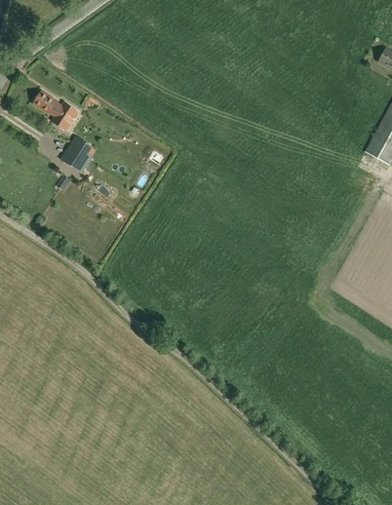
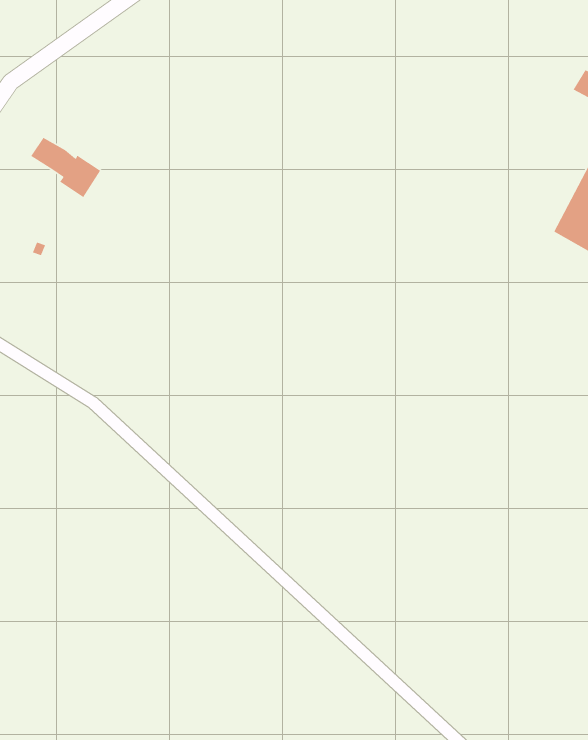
building: [61,134,90,167] -> none

